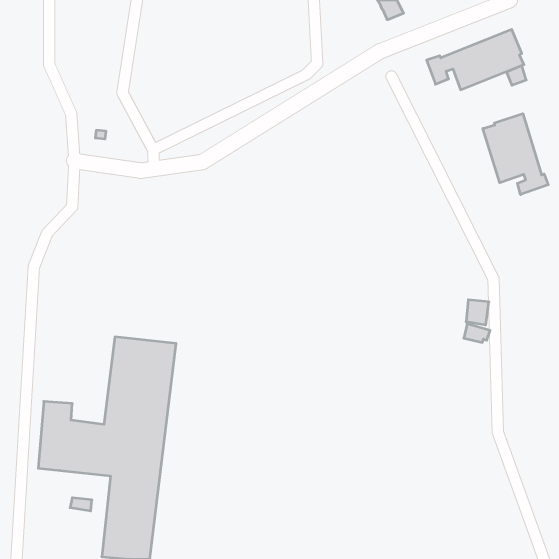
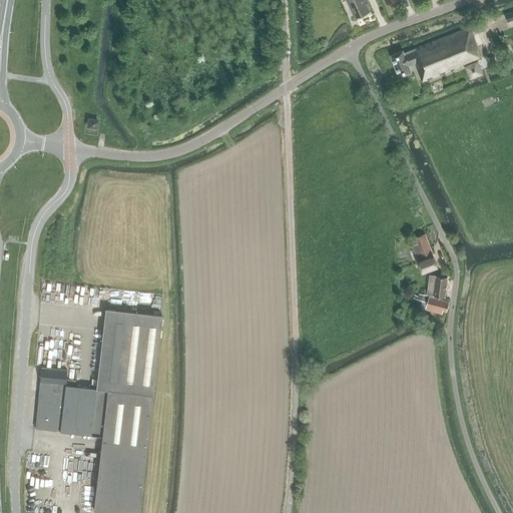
building: [483,114,548,195] -> none
building: none -> [412,233,437,272]

